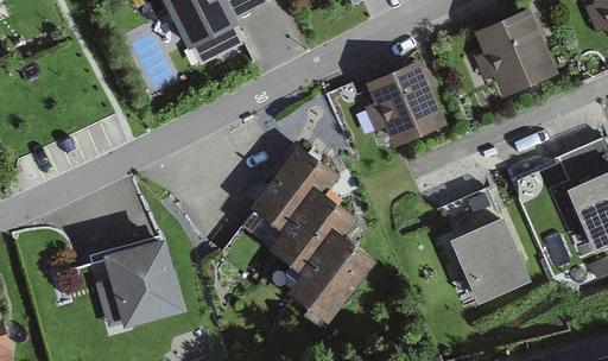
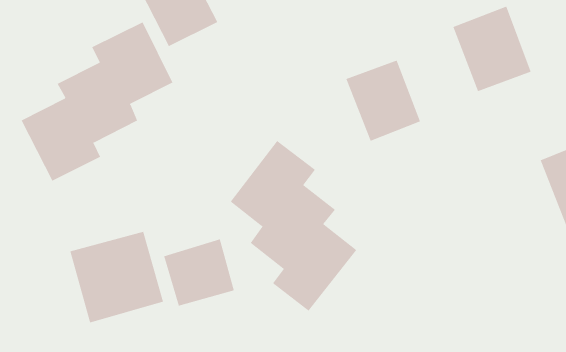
building: none -> [21,22,173,182]
building: [443,190,530,299] -> none
building: none -> [164,239,235,307]

